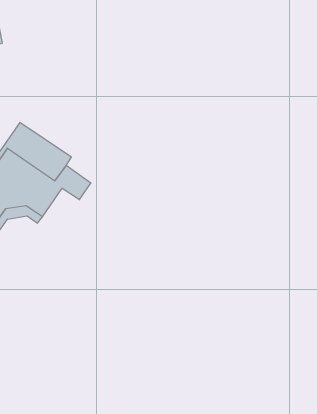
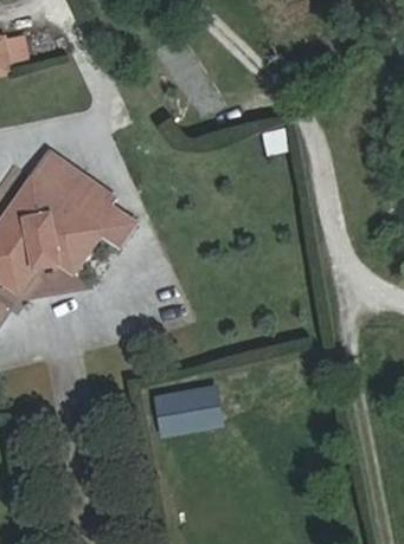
building: none -> [152,381,225,435]

